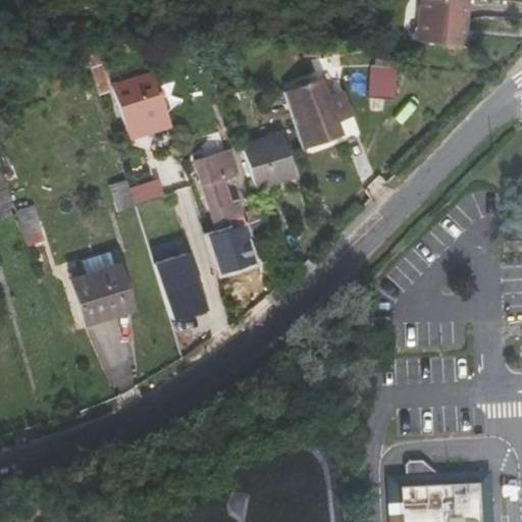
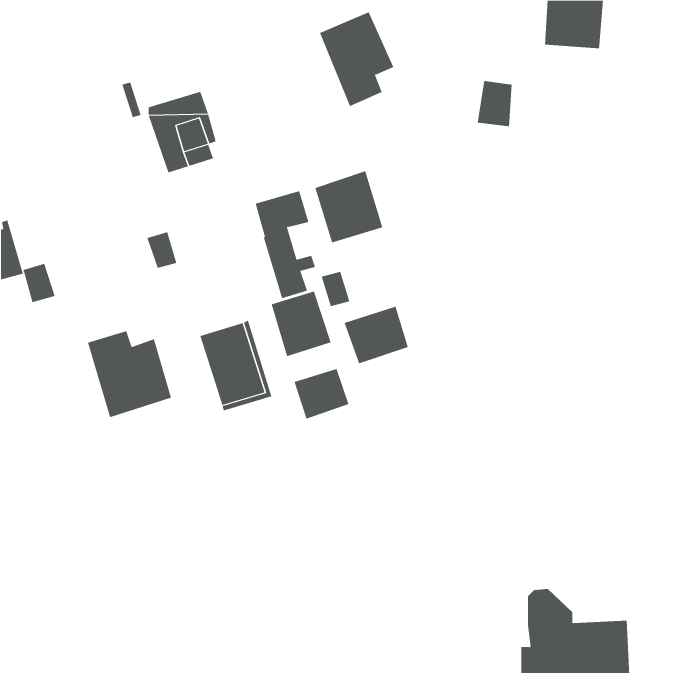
building: [294,70,352,144] -> [319,12,394,107]
building: none -> [344,306,409,364]
building: none -> [294,368,349,420]

